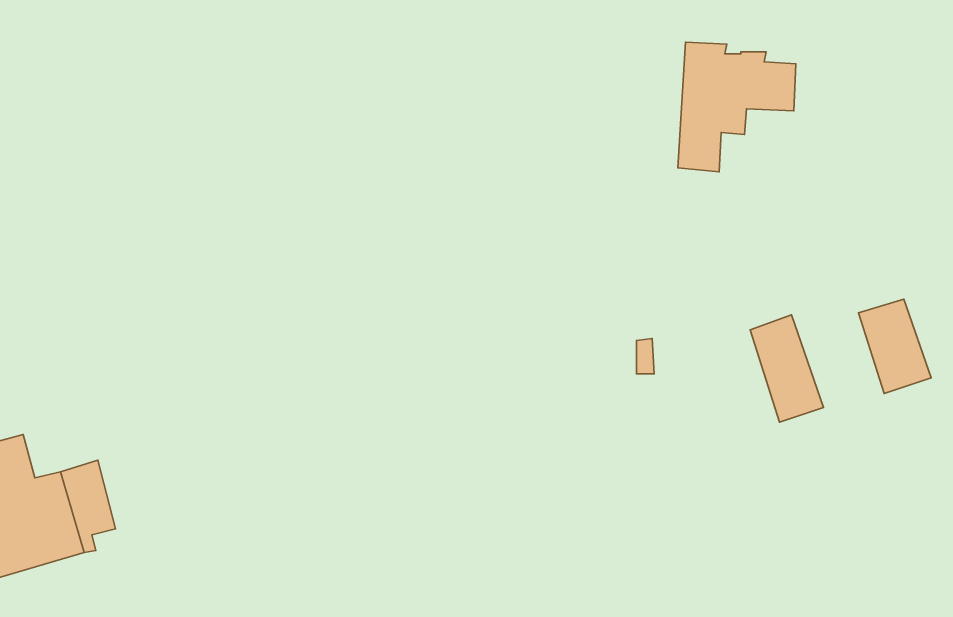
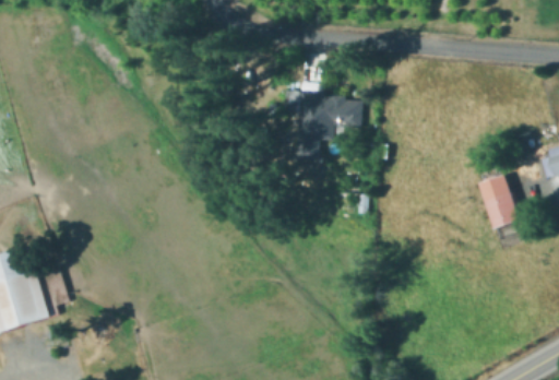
building: [678,42,796,172] -> [296,88,361,161]
building: [750,315,824,422] -> none

